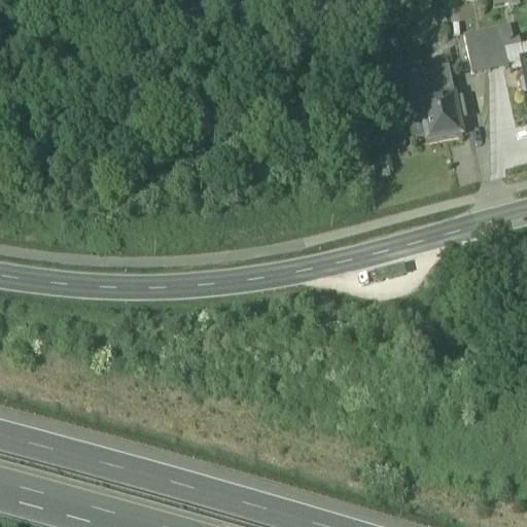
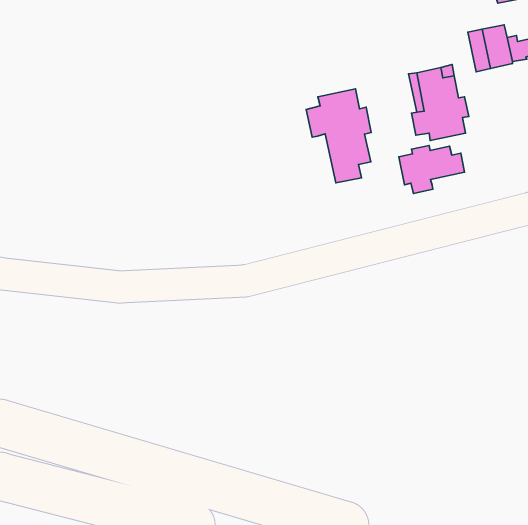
building: none -> [306,89,371,183]
building: none -> [399,146,465,194]

